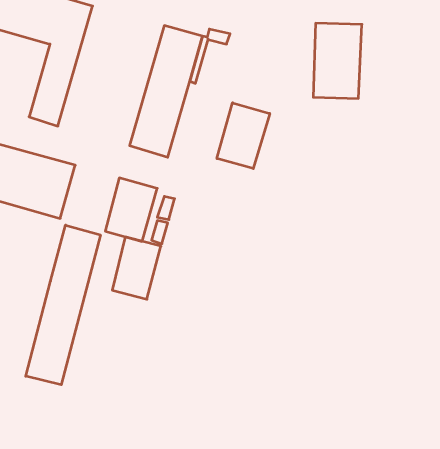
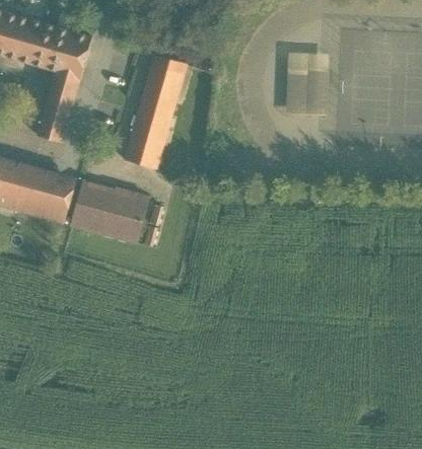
building: [217,103,270,169] -> none
building: [26,225,100,385] -> none
building: [112,237,161,299] -> [72,178,115,233]

